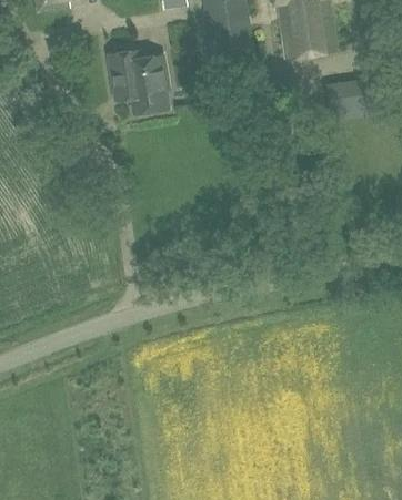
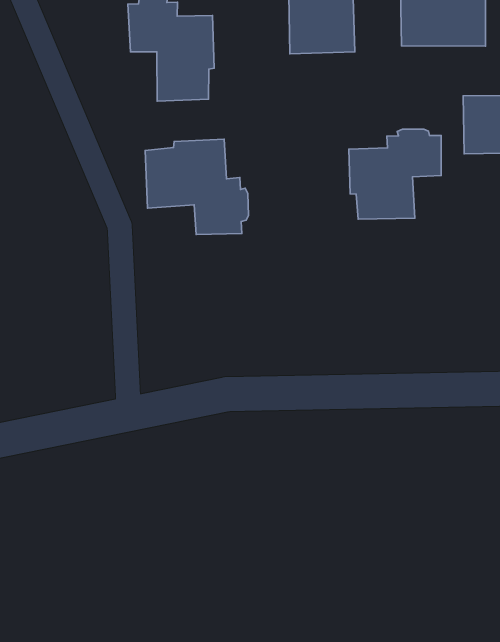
building: none -> [349,129,441,219]
building: none -> [145,139,249,234]

